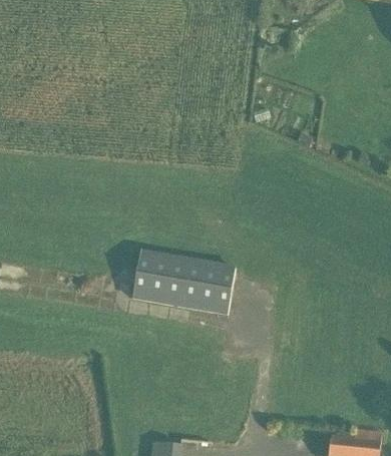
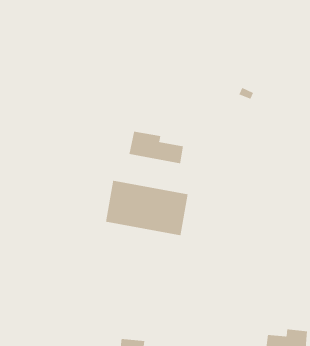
building: none -> [129,131,183,164]

